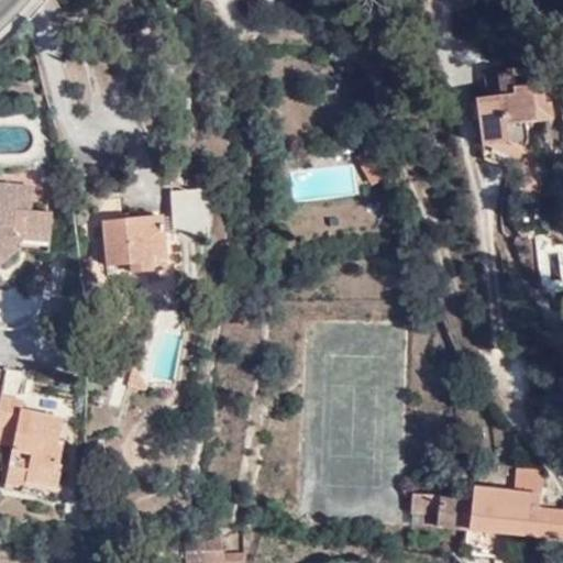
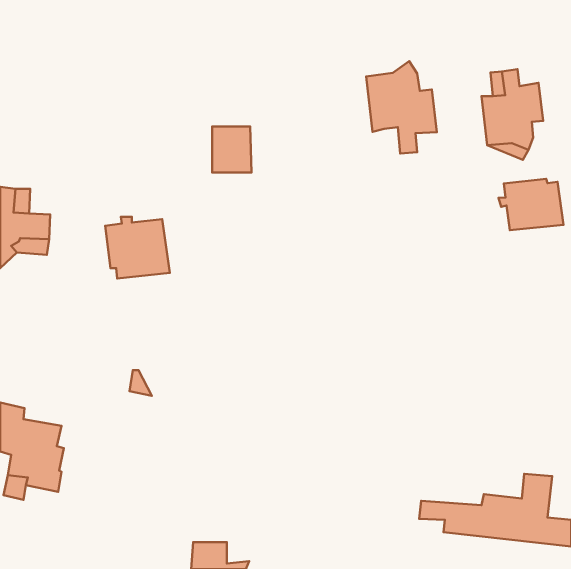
building: none -> [366,61,437,154]
building: none -> [499,179,564,230]
building: [168,189,207,234] -> [212,127,251,172]

